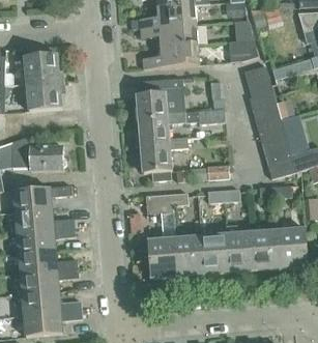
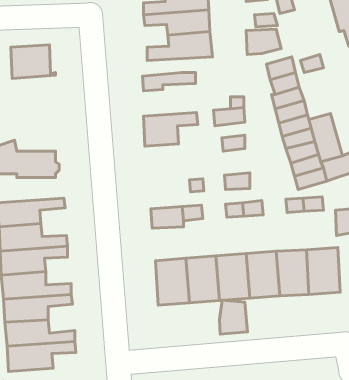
building: [25,80,62,110] -> none
building: [136,87,183,115] -> none
building: [139,137,186,179] -> none
building: none -> [219,300,248,334]

